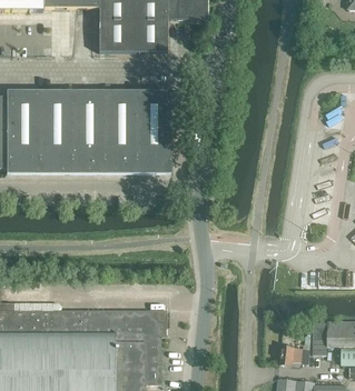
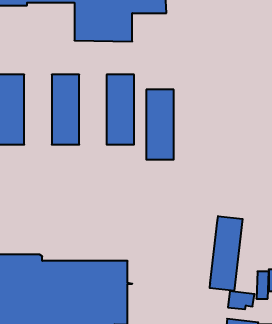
building: [40,90,72,172] -> none
building: [105,90,137,172] -> [146,90,174,160]
building: none -> [210,216,243,291]

